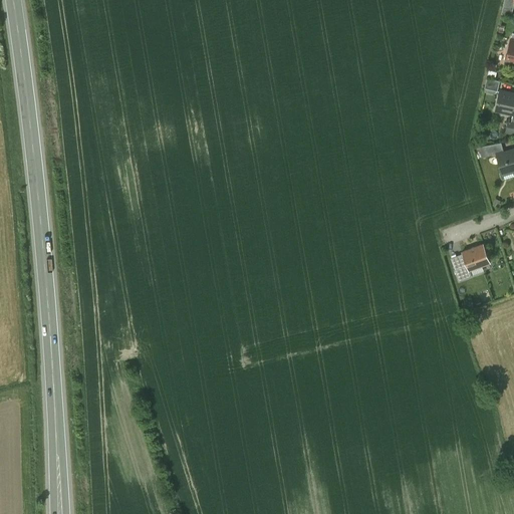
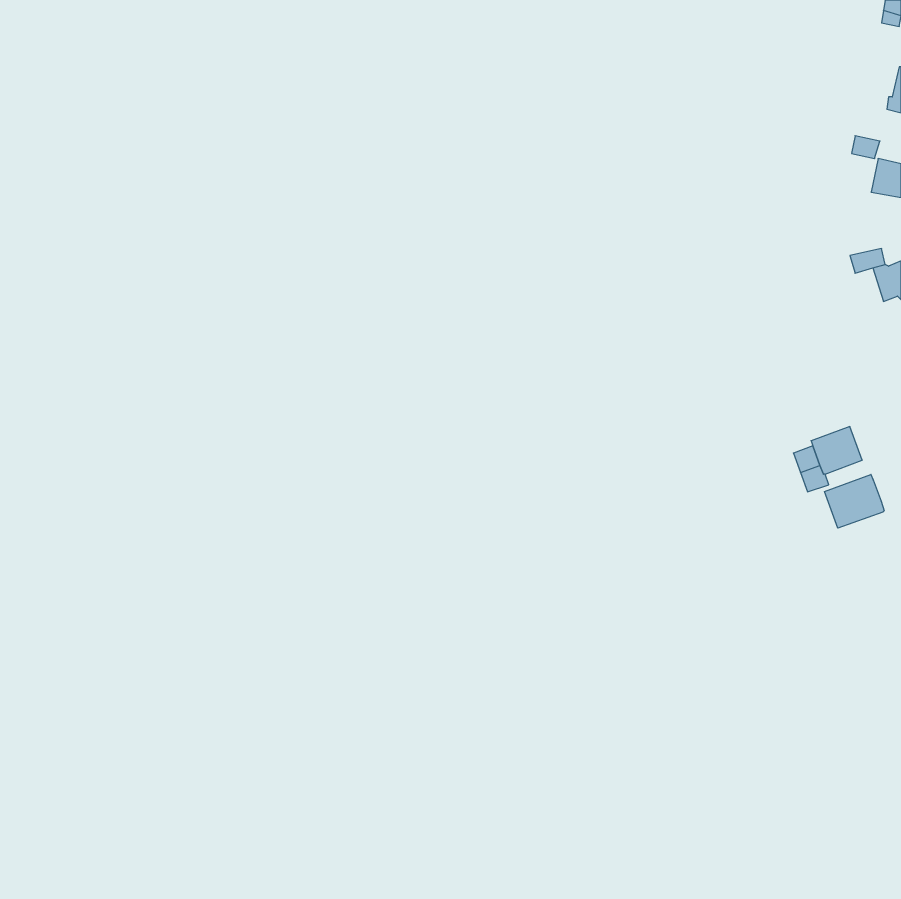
building: none -> [825,474,884,528]

